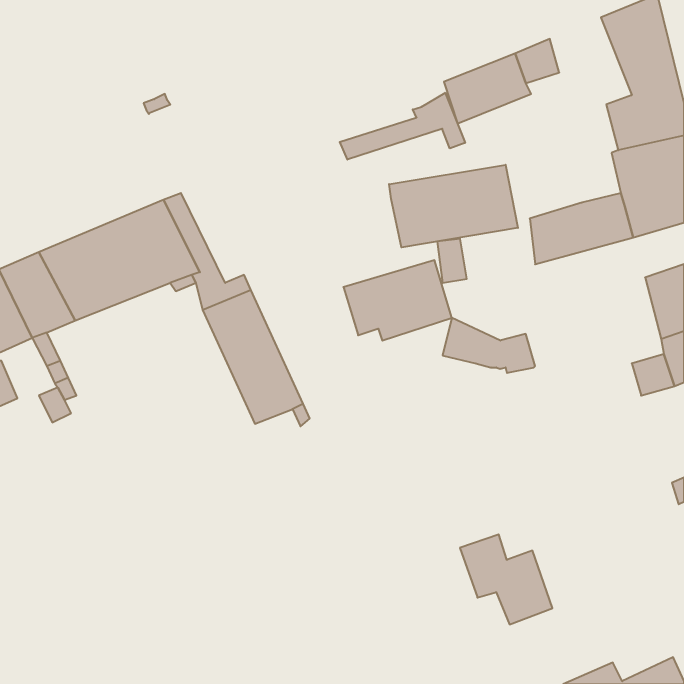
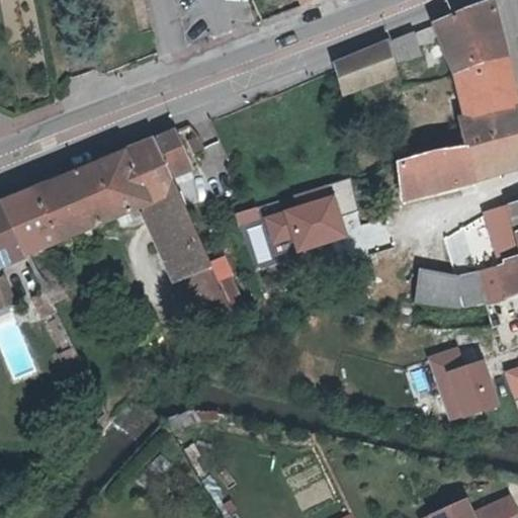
building: none -> [433,13,477,79]
building: [340,93,465,160] -> none
building: [389,165,518,247] -> none
building: none -> [137,131,191,213]
building: [443,318,535,373] -> [414,262,484,304]
building: [460,534,552,624] -> [429,345,499,413]

